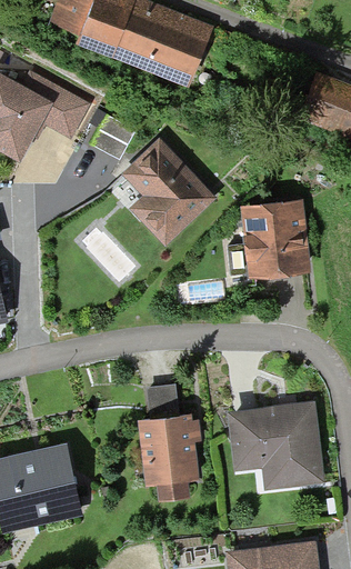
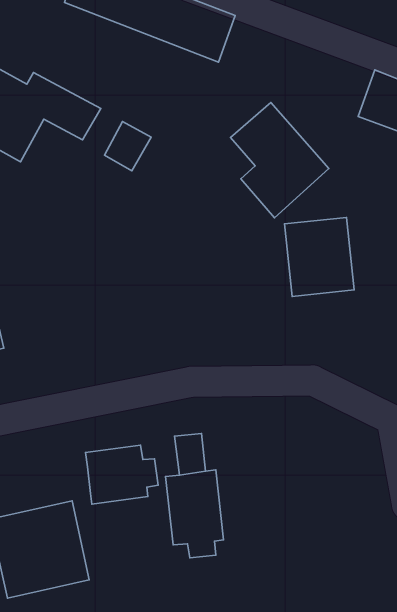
building: [124,140,209,239] -> [231,102,329,218]
building: none -> [85,445,158,504]
building: [232,406,321,486] -> none

